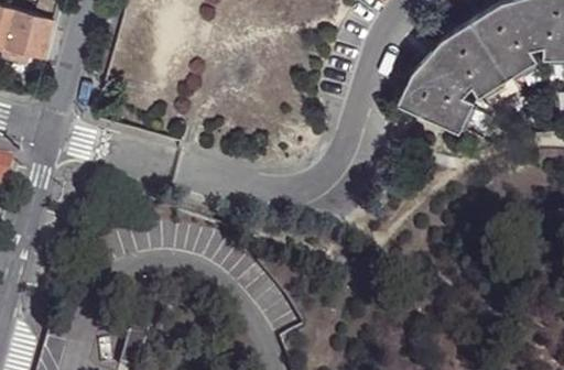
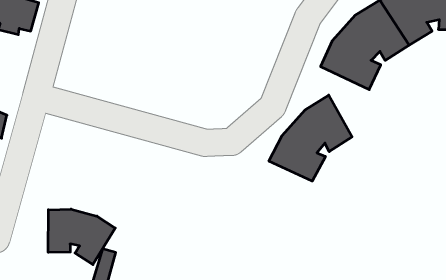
building: none -> [269,95,352,181]
building: none -> [48,209,115,265]

